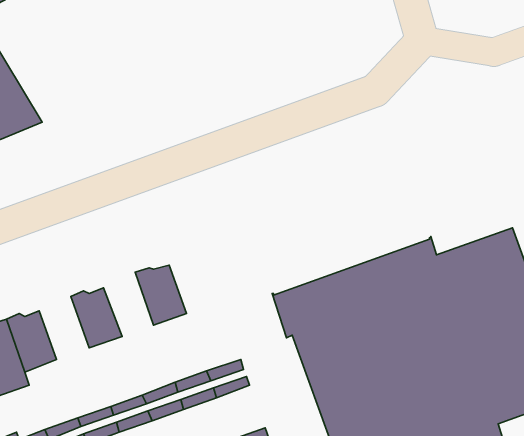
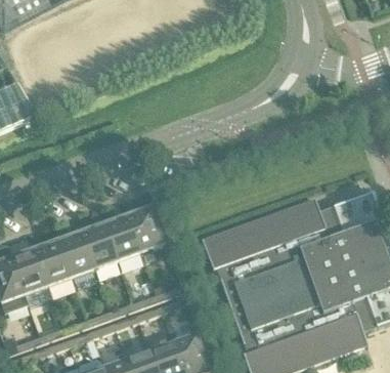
building: none -> [126,206,162,252]
building: none -> [79,222,115,268]
building: none -> [33,240,69,285]

